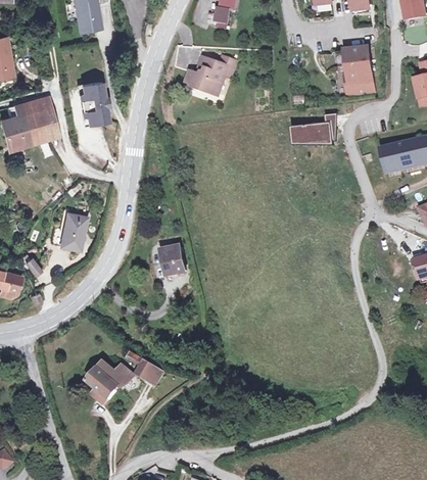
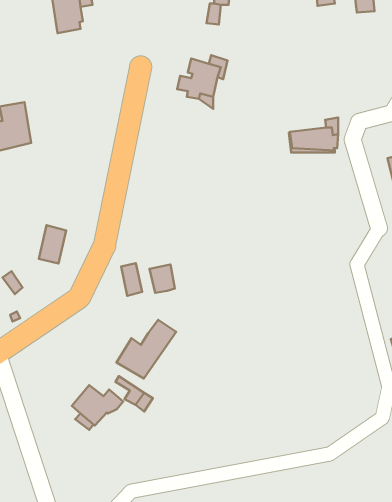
building: [343,50,372,98] -> none
building: [82,78,107,119] -> none
building: none -> [121,263,142,296]
building: none -> [116,320,176,378]

